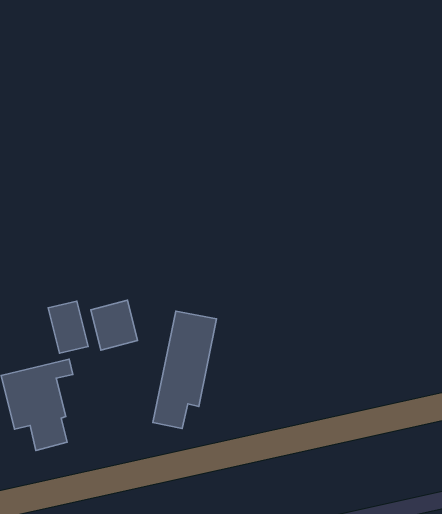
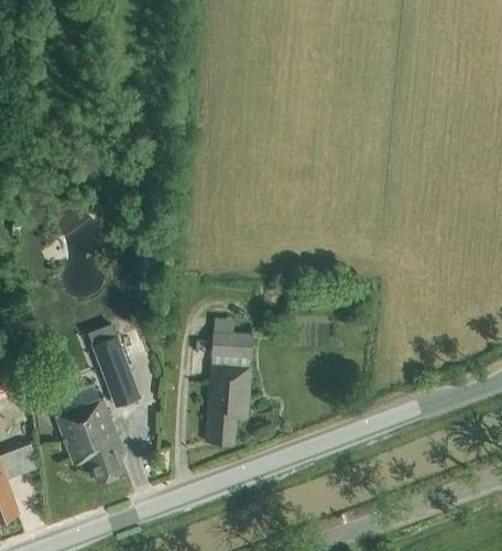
building: [91,300,138,350] -> none

